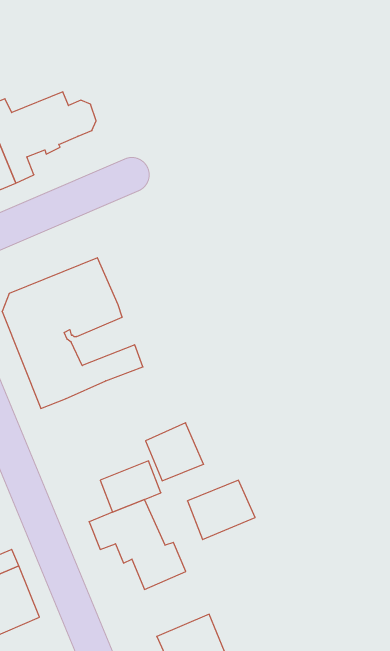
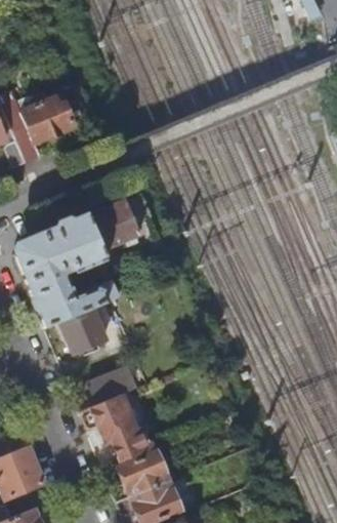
building: none -> [87,202,139,252]
building: [146,423,204,481] -> [64,309,107,352]
building: [187,480,255,540] -> [120,454,170,498]

